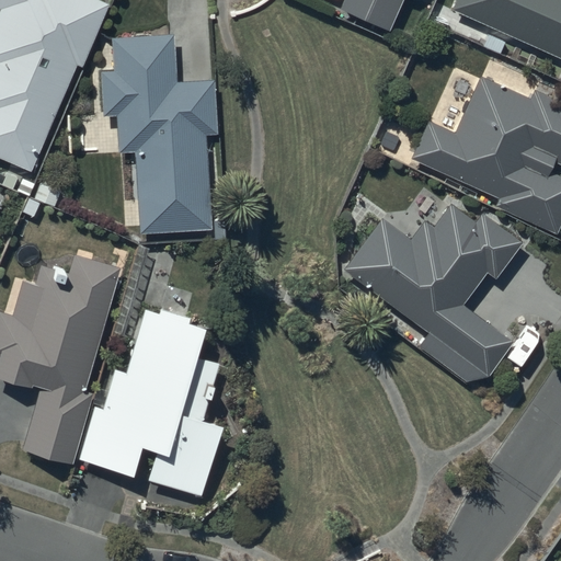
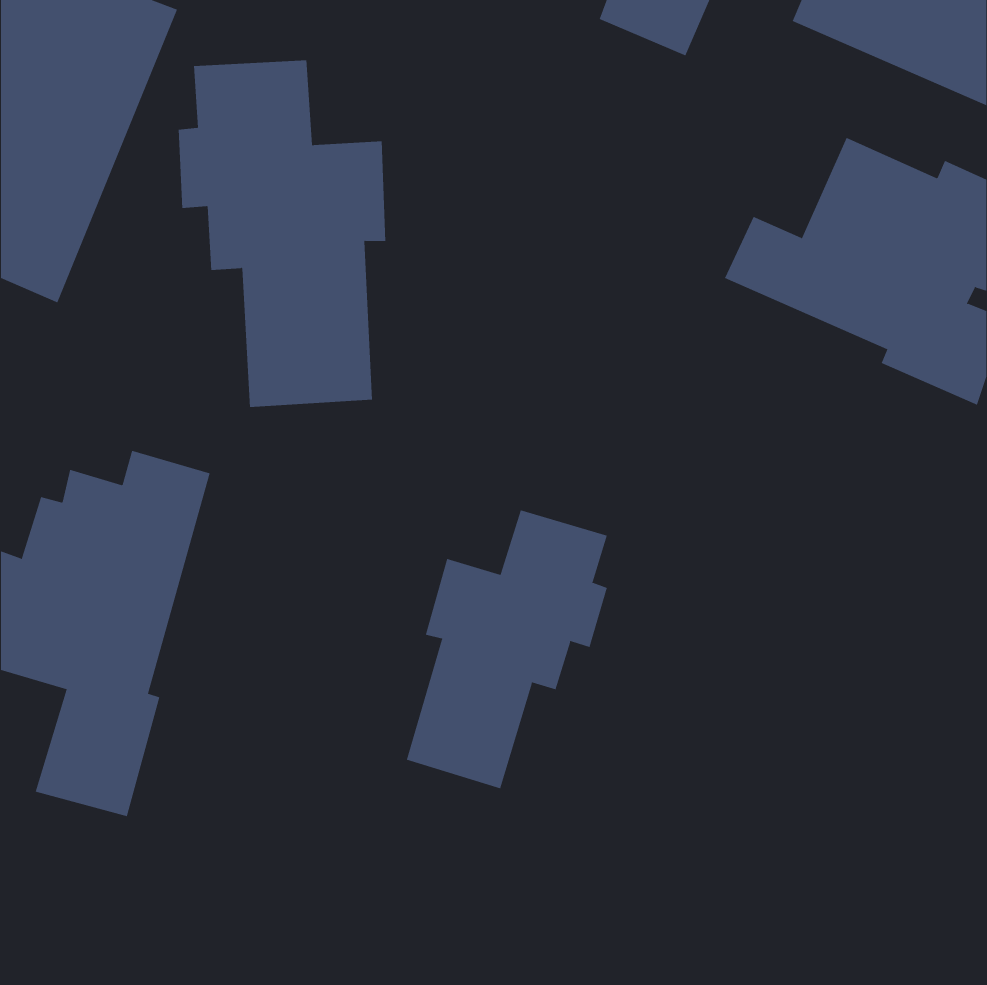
building: [340,199,524,383] -> none
building: none -> [406,509,608,789]
building: [78,310,221,495] -> none

